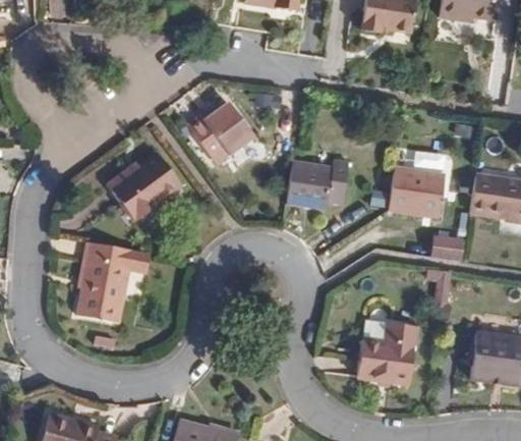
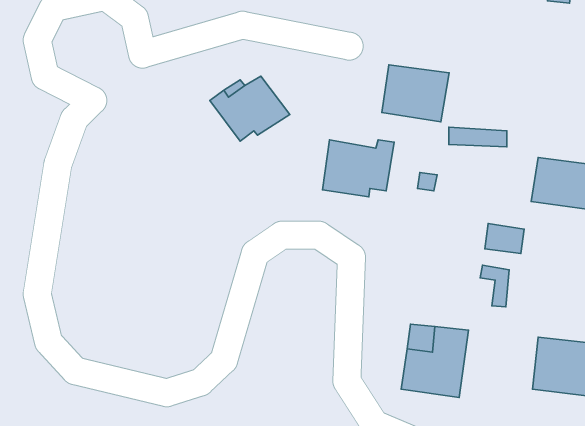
building: [105,152,180,214] -> none
building: [387,167,446,217] -> [382,65,449,122]
building: [86,239,140,321] -> none

